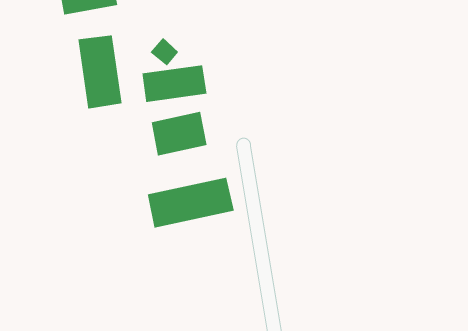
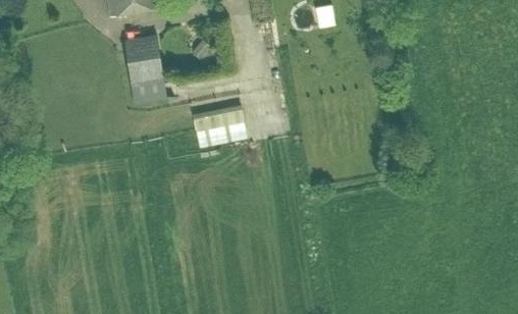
building: [142,65,207,103] -> none
building: [147,177,234,229] -> none

